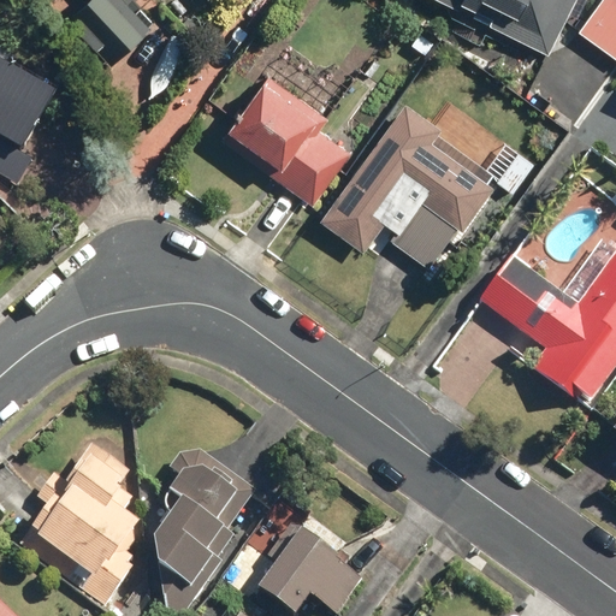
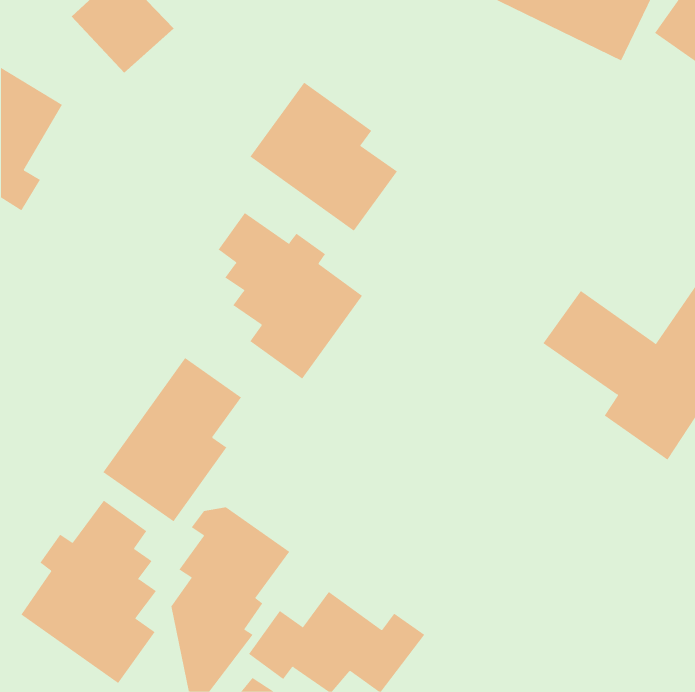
building: [320,100,496,267] -> none
building: none -> [218,212,363,380]
building: none -> [103,357,242,522]

